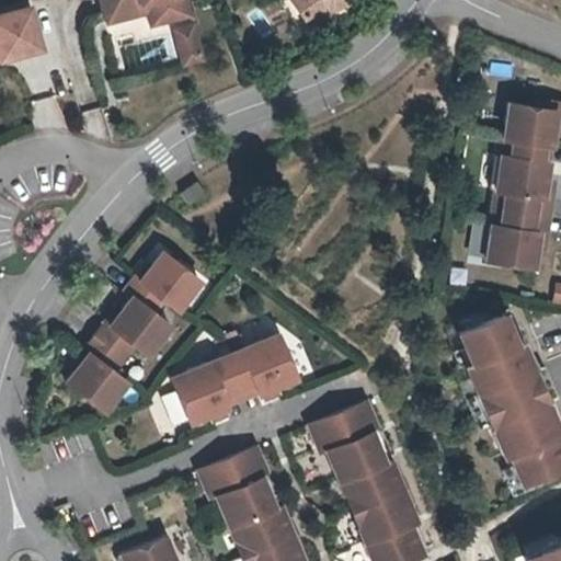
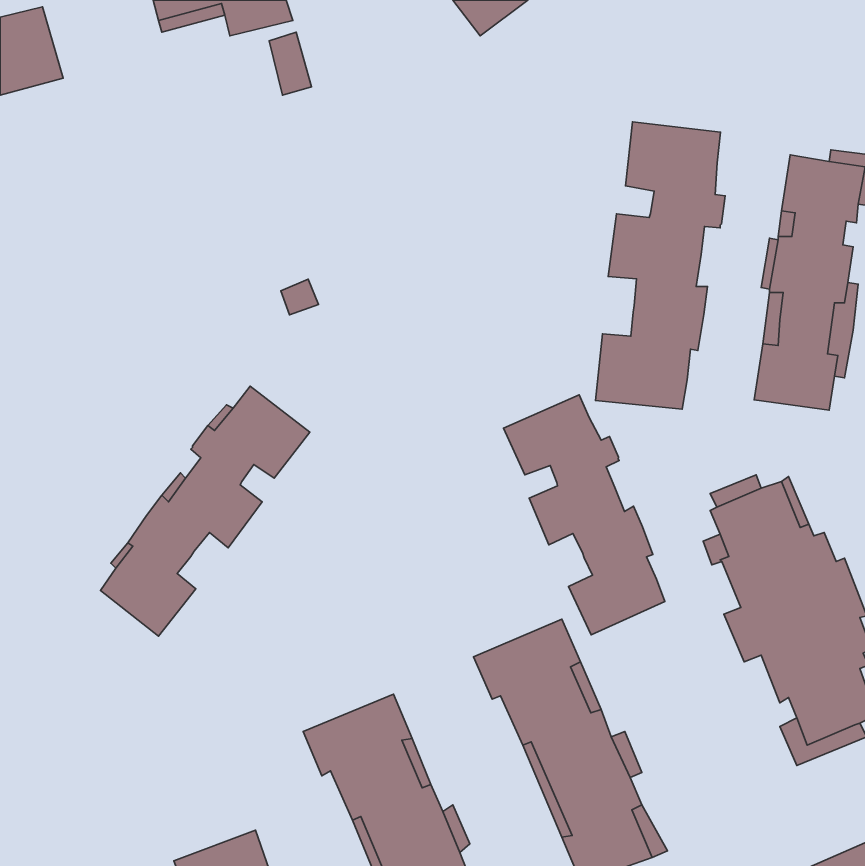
building: none -> [596,122,725,409]
building: none -> [504,395,665,635]
building: [167,333,300,431] -> none

